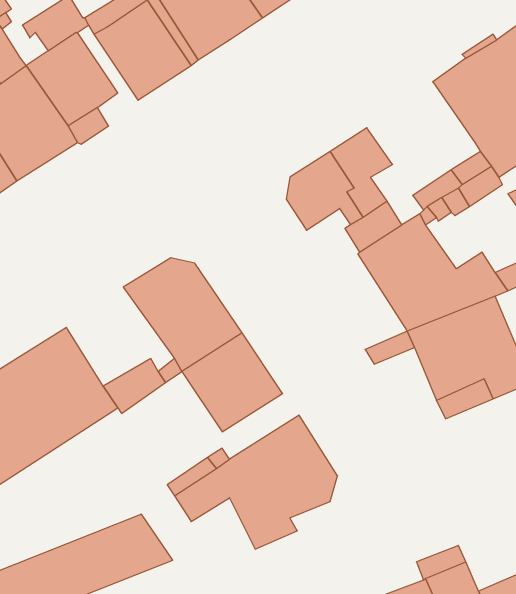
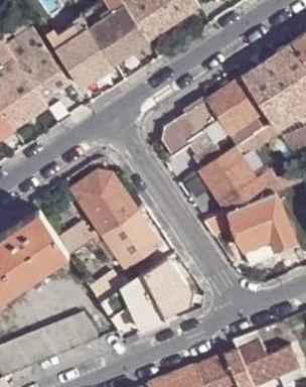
building: none -> [205,76,265,133]

